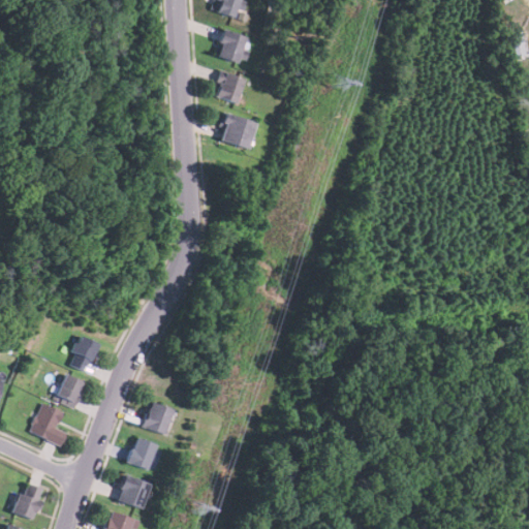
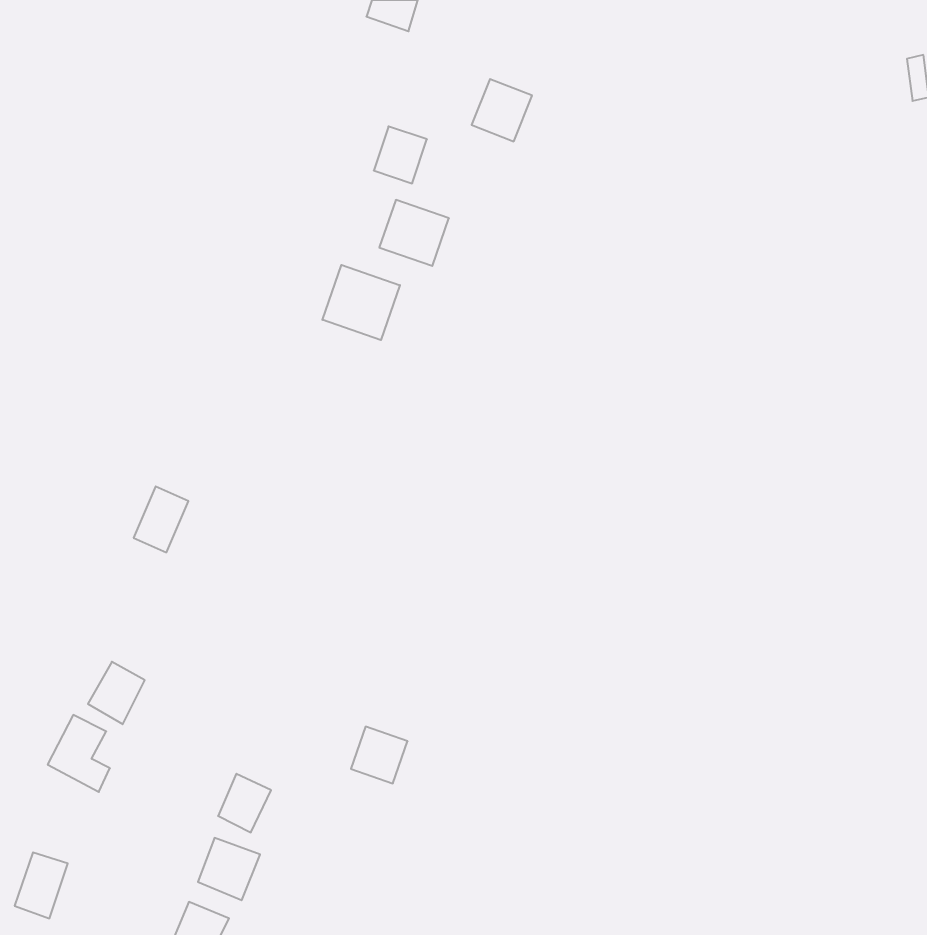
building: [215,30,249,65] -> [472,79,532,141]
building: none -> [322,265,400,340]
building: [69,336,100,373] -> [134,486,188,552]
building: [143,403,175,435] -> [351,727,408,783]

